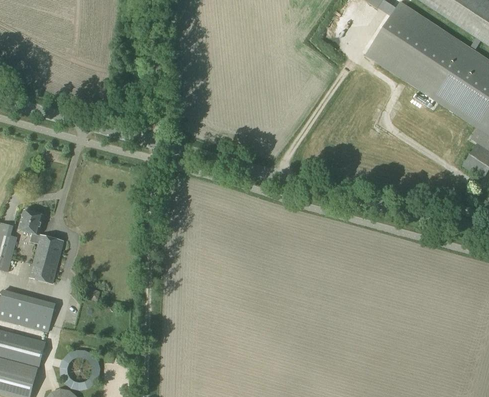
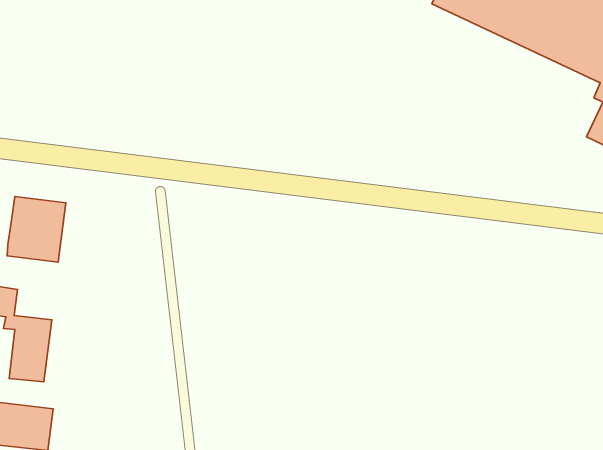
building: none -> [7,196,66,262]

